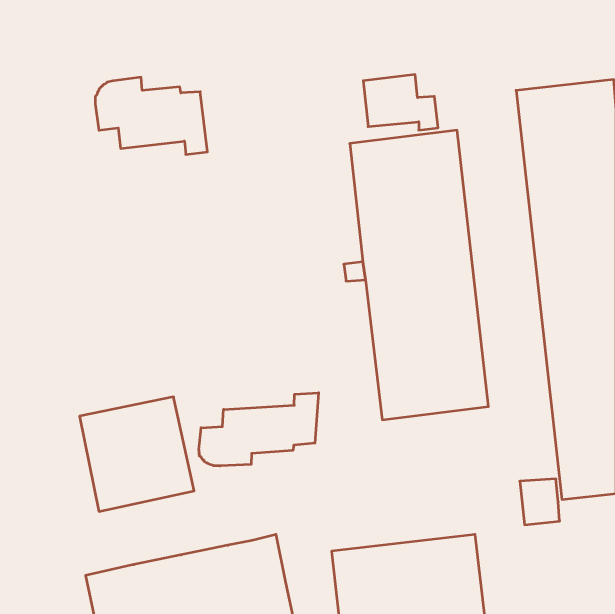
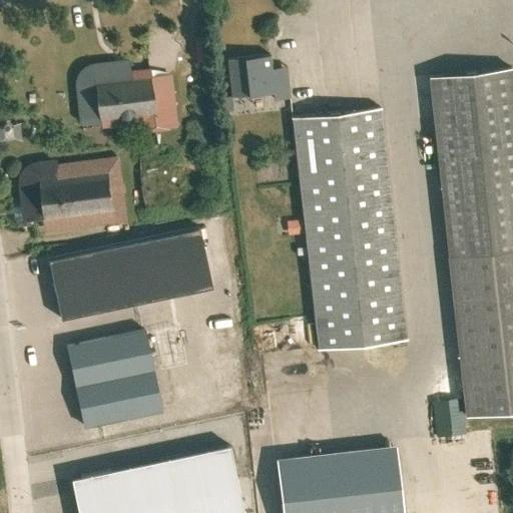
building: [363,75,438,130] -> [227,57,290,103]
building: none -> [22,162,123,229]
building: none -> [49,229,213,321]
building: [199,393,319,466] -> none

